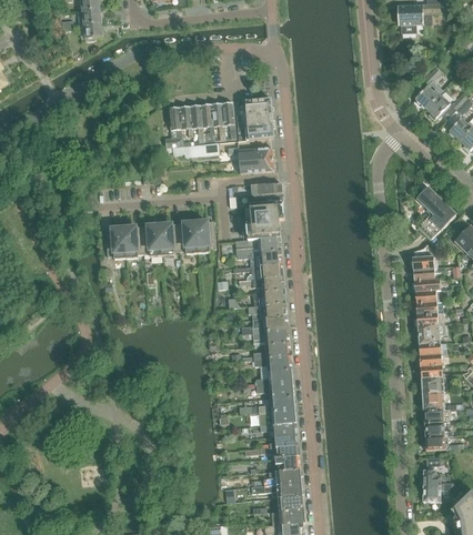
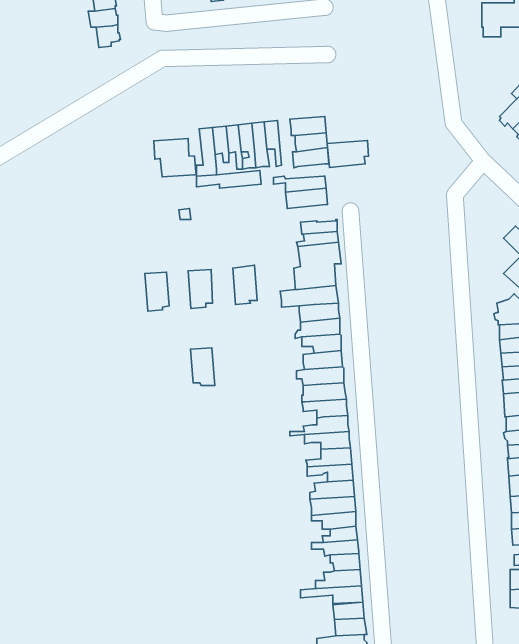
building: none -> [154,138,196,177]
building: none -> [327,140,368,168]
building: [178,222,198,253] -> none
building: [141,224,161,255] -> [190,348,215,386]
building: [105,226,125,259] -> none

